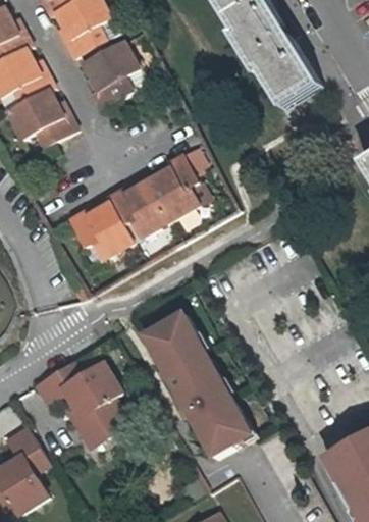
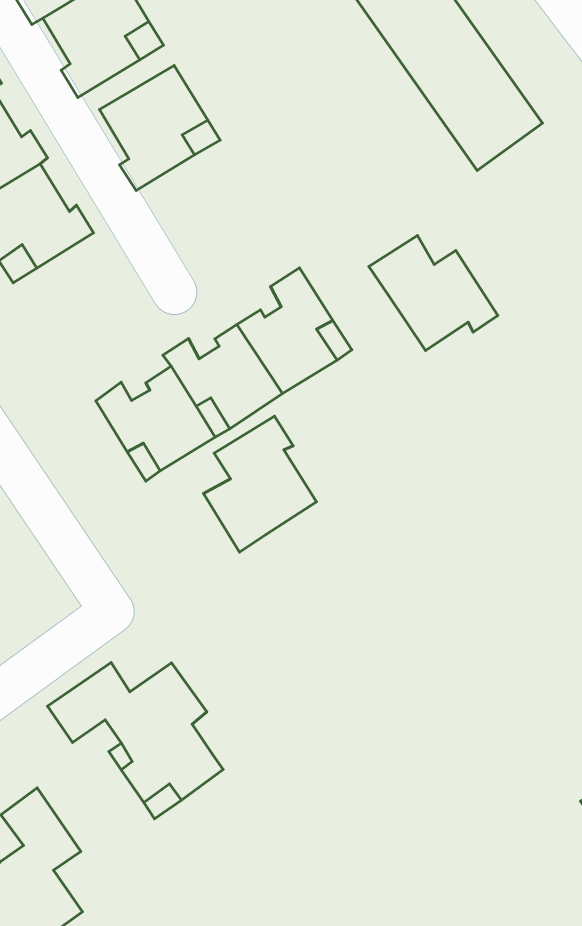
building: none -> [369,236,498,350]
building: none -> [204,416,316,552]
building: [140,316,252,465] -> none

